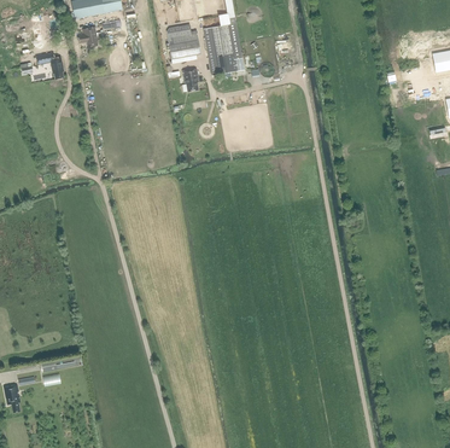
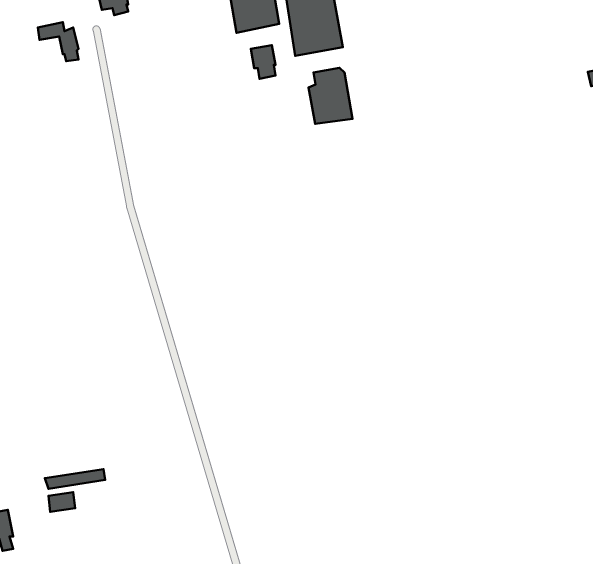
building: none -> [308,68,353,124]

